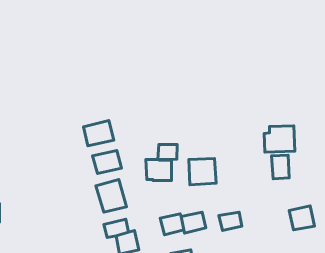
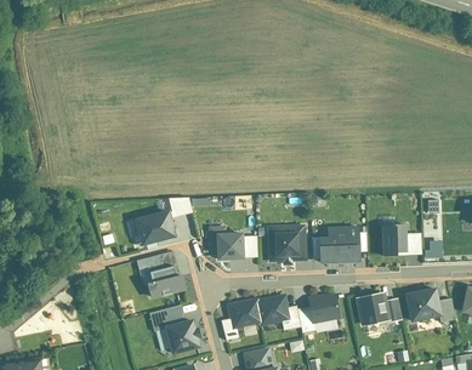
building: [84,120,114,146] -> none
building: [264,126,295,152] -> [319,221,362,257]
building: [158,144,177,159] -> none
building: none -> [357,296,387,328]

